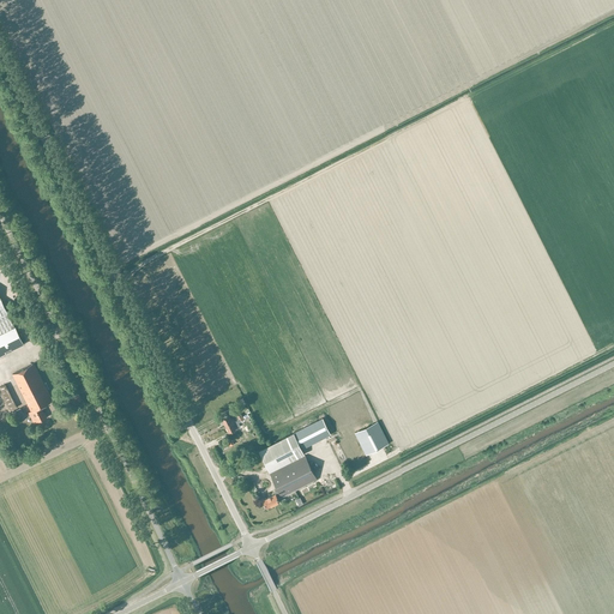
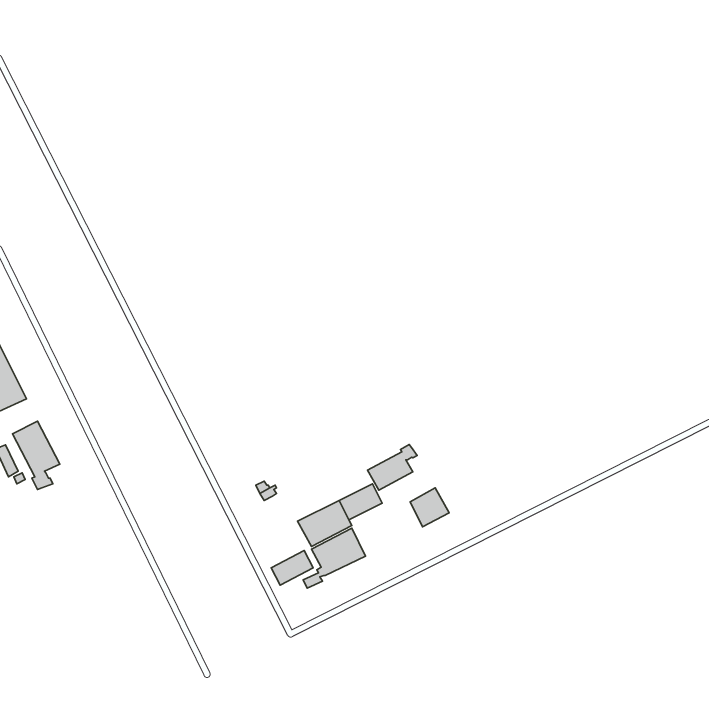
building: none -> [368,445,417,490]
building: none -> [271,551,313,585]

